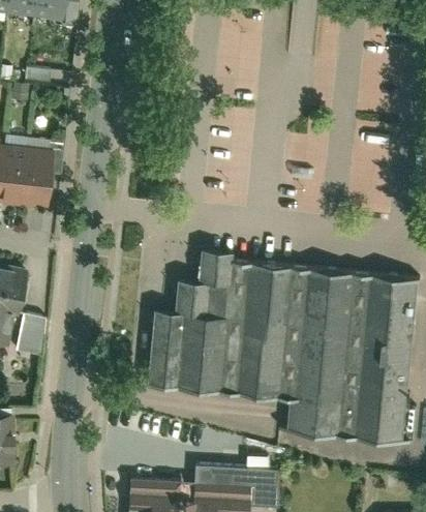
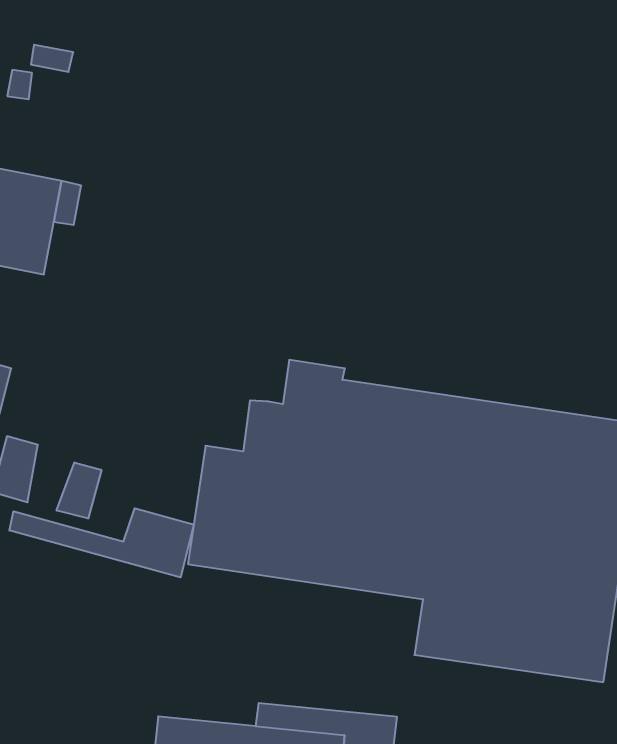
building: none -> [57,462,101,519]
building: none -> [9,508,194,577]

